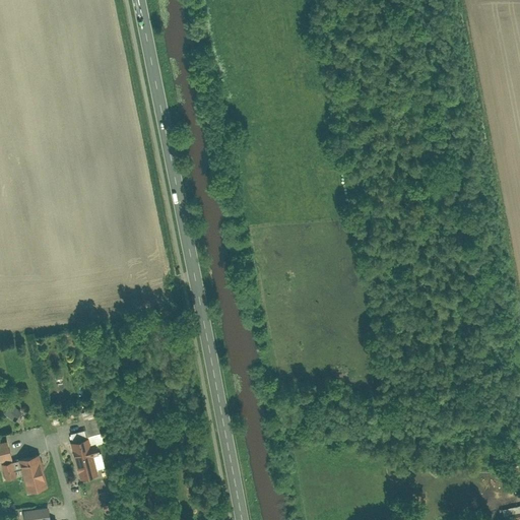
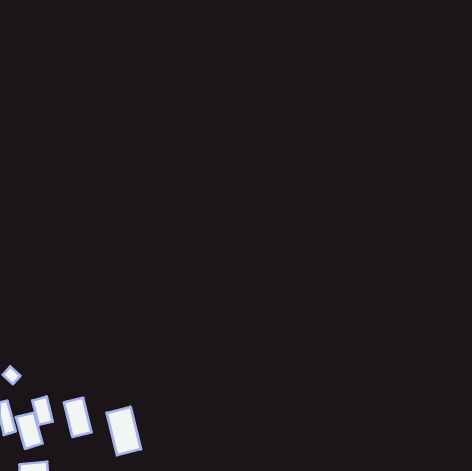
building: none -> [32,396,53,425]
building: none -> [107,407,141,455]

